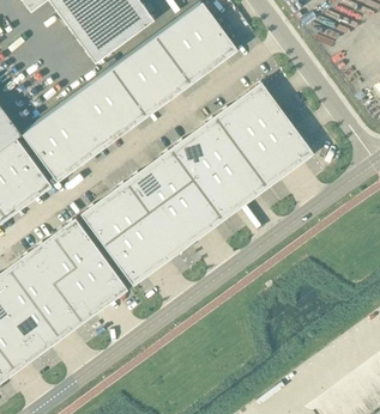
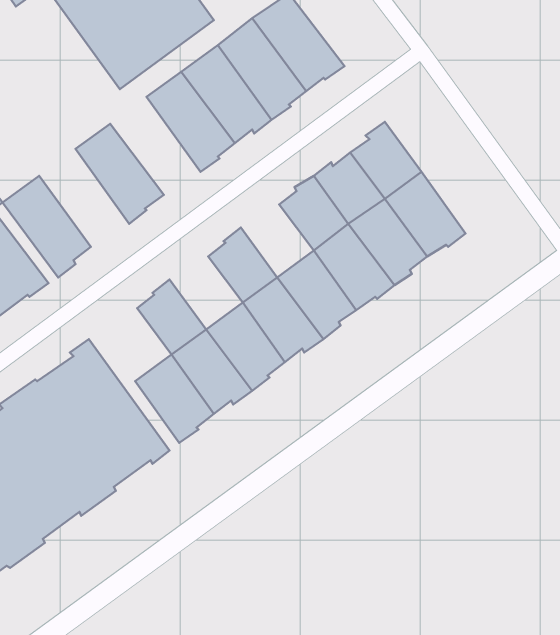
building: [89,69,145,130] -> none
building: [44,102,101,163] -> none
building: [170,136,216,182] -> none
building: [126,169,171,214] -> none
building: [82,201,127,246] -> none

